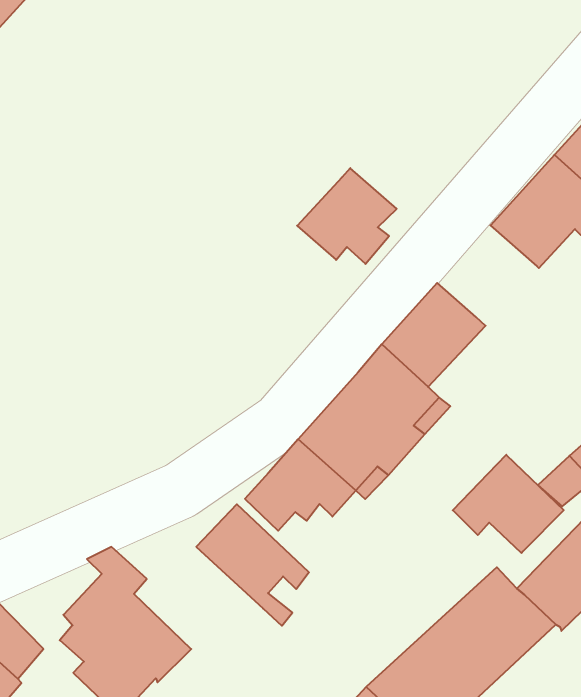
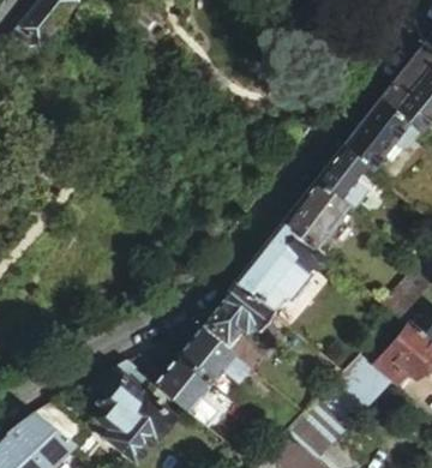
building: [297,168,397,264] -> [312,148,372,205]
building: [453,455,564,553] -> none
building: none -> [154,355,220,425]

